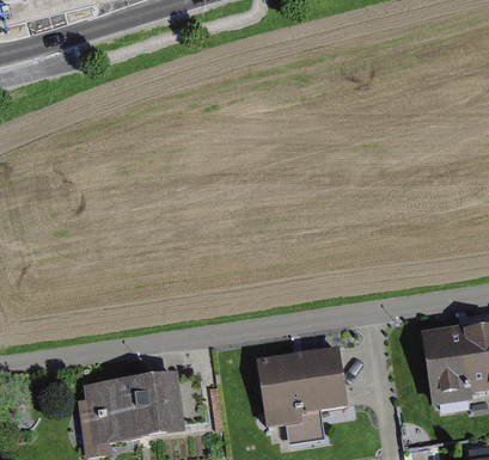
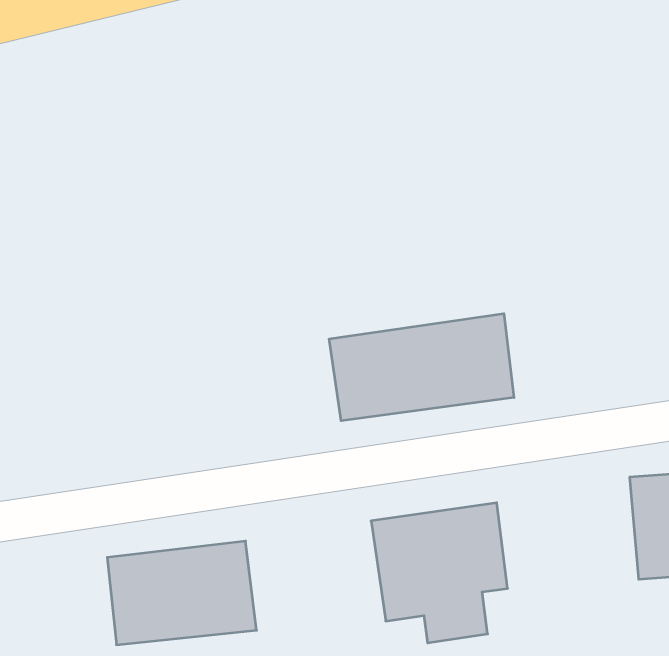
building: none -> [329,314,514,421]

